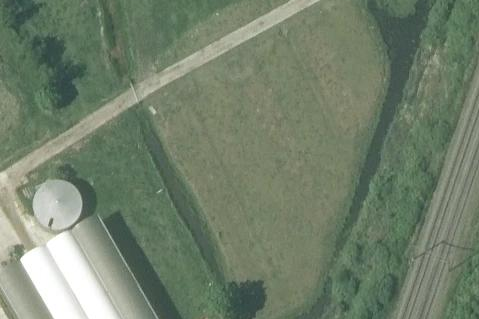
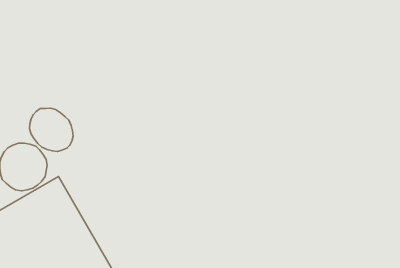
building: none -> [30,108,73,151]

